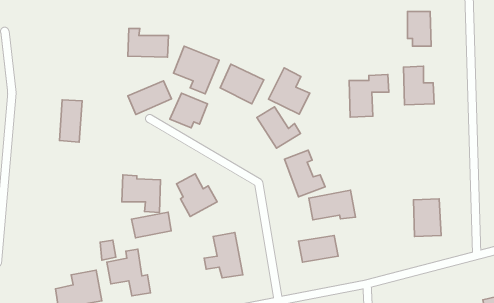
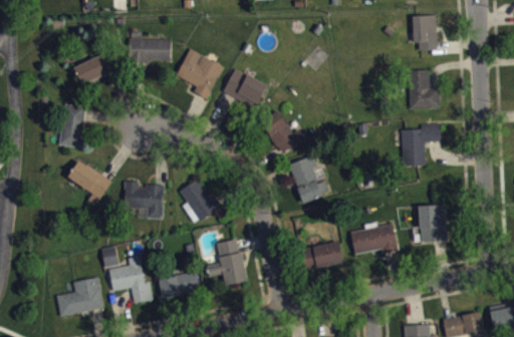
building: [268,68,310,114] -> none
building: [349,74,389,117] -> [401,123,441,166]
building: [128,81,171,115] -> [73,51,117,85]
building: [170,93,208,128] -> none
building: none -> [67,160,111,198]
building: [309,190,355,220] -> [350,224,398,254]
building: [132,212,171,238] -> [158,272,198,298]

